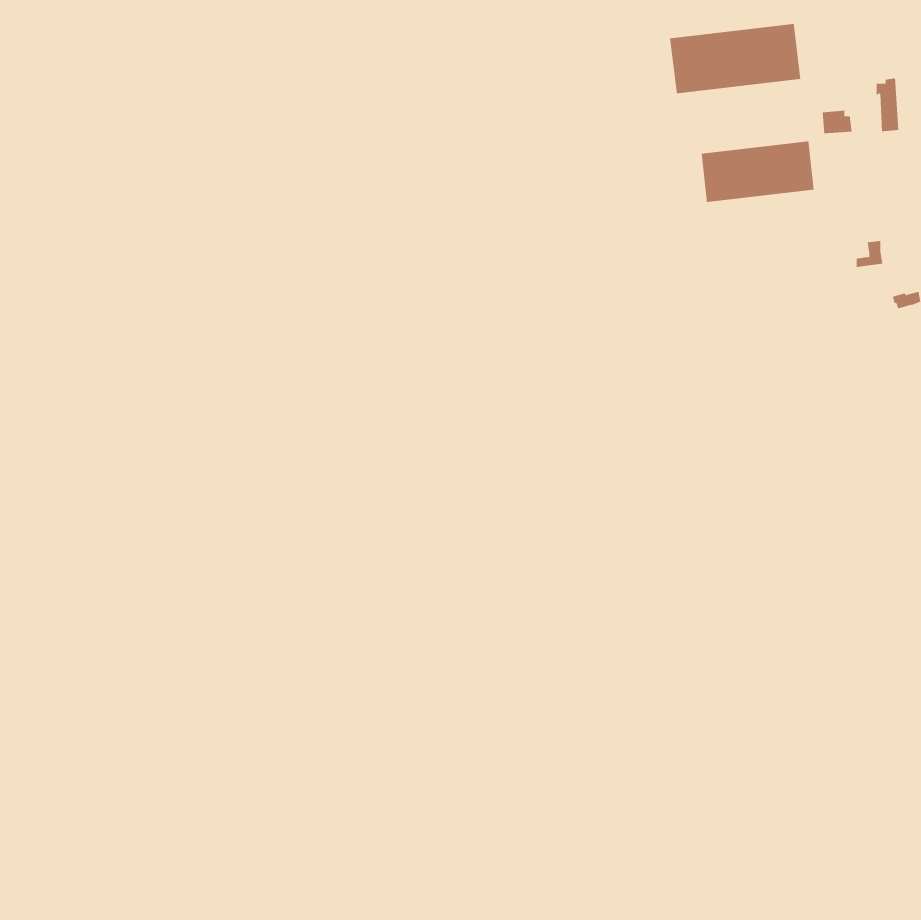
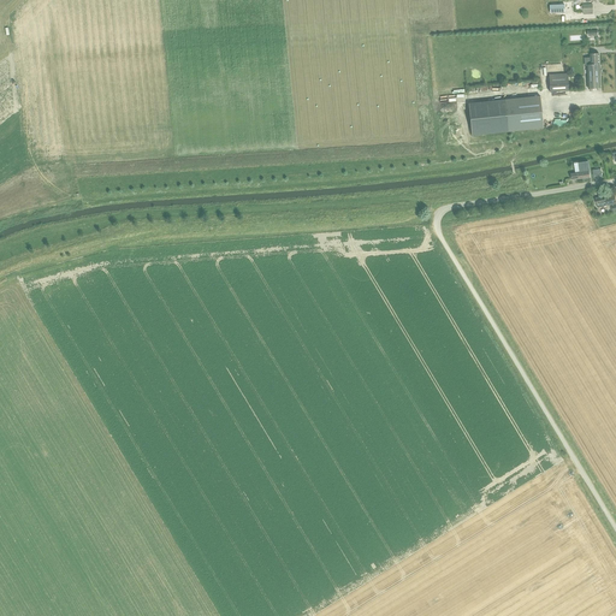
building: [669,23,801,94] -> none

